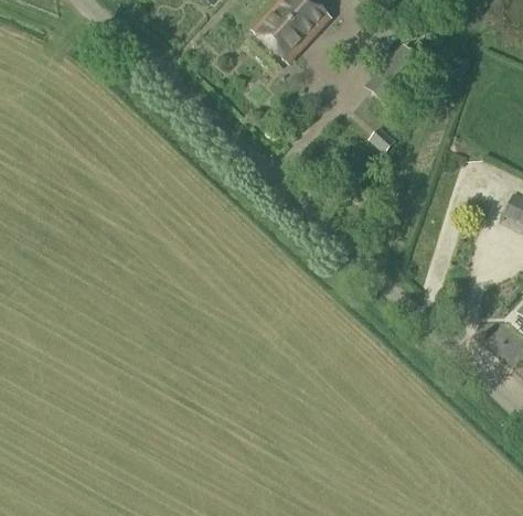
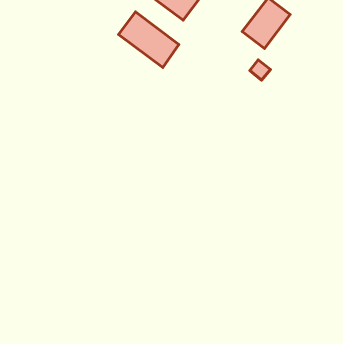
building: none -> [118,12,179,67]

